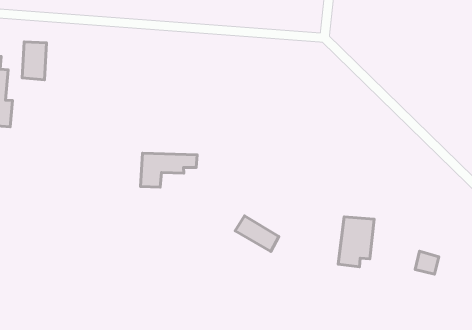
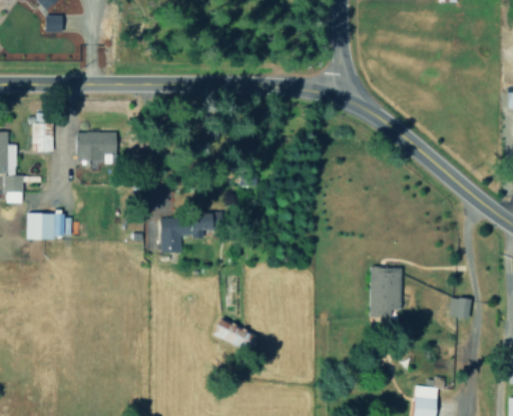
building: none -> [77,131,119,162]
building: none -> [25,213,65,241]
building: [235,216,279,251] -> [212,318,258,352]

